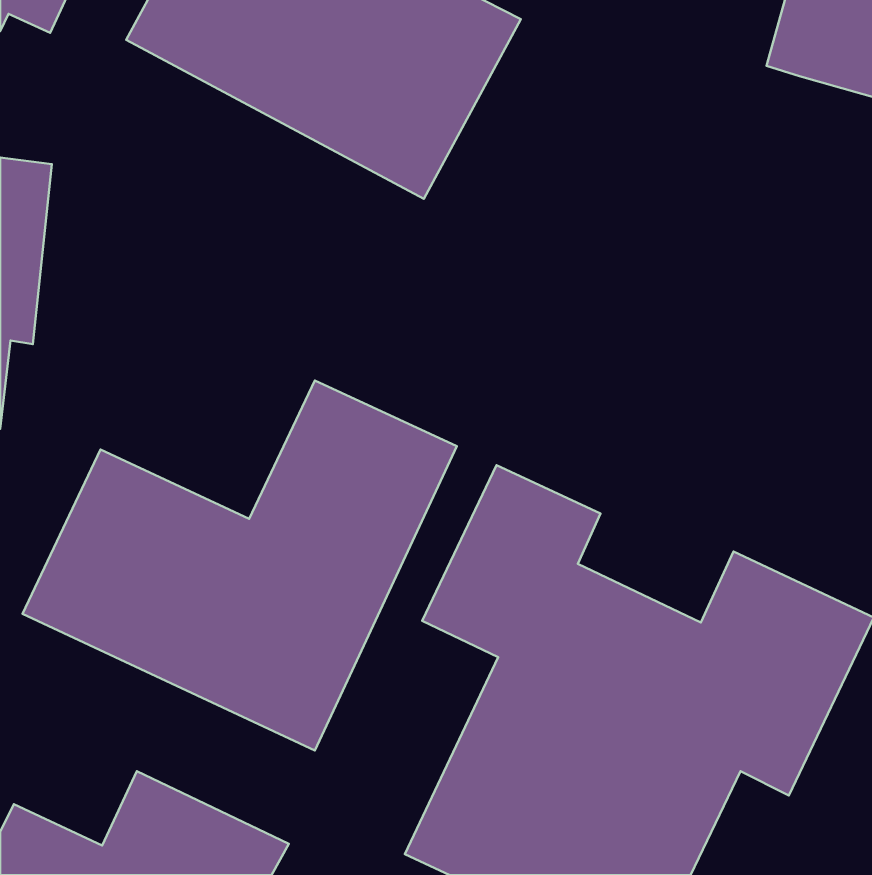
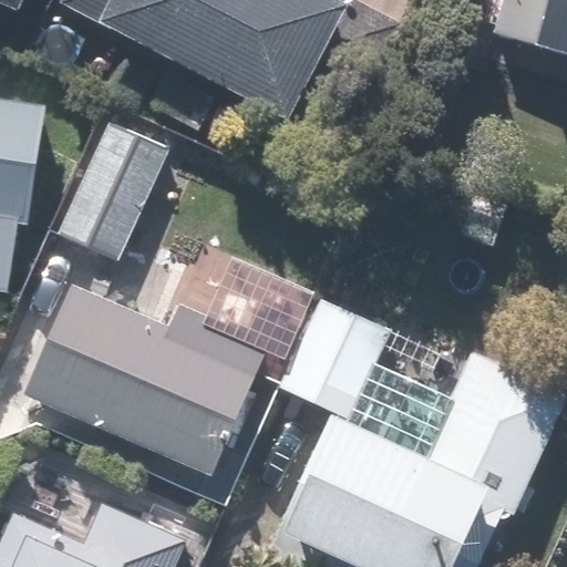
building: none -> [56,122,171,260]

